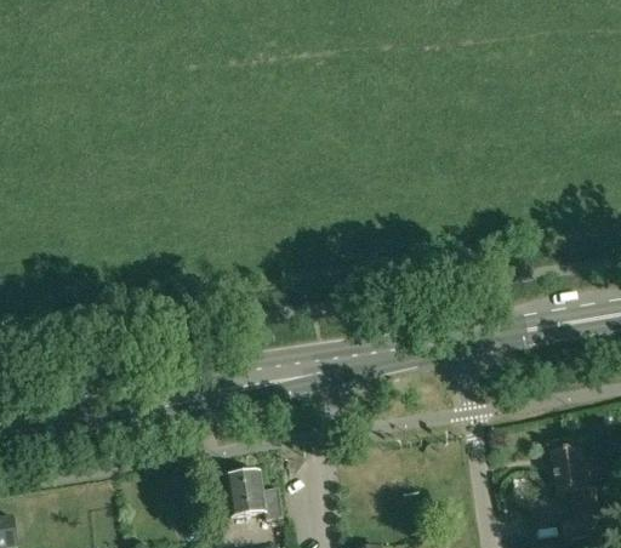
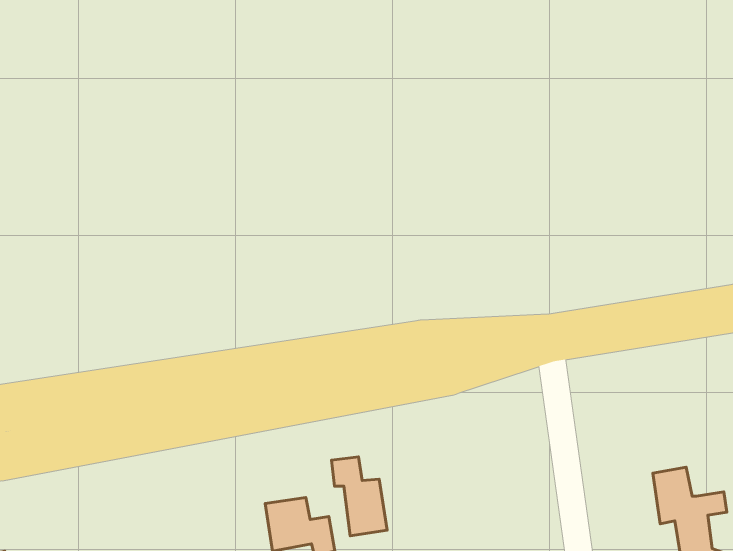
building: none -> [331,457,387,536]

